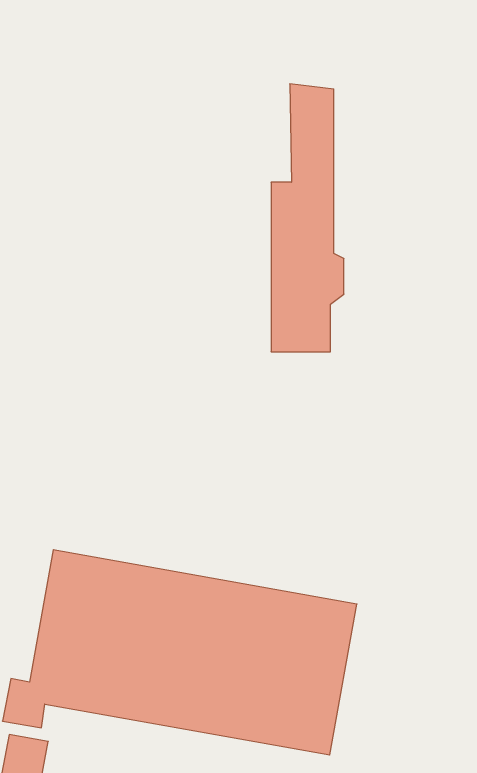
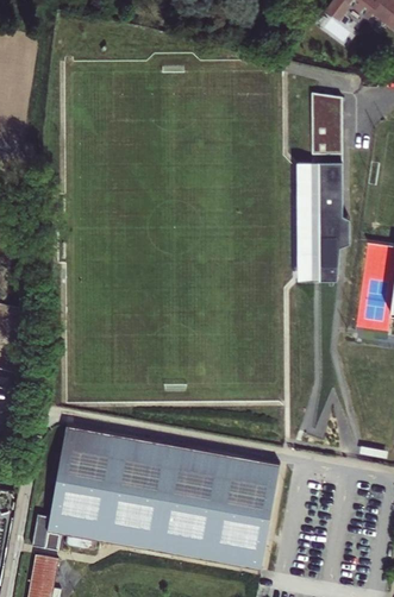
building: [271,84,344,352] -> [298,96,349,284]

